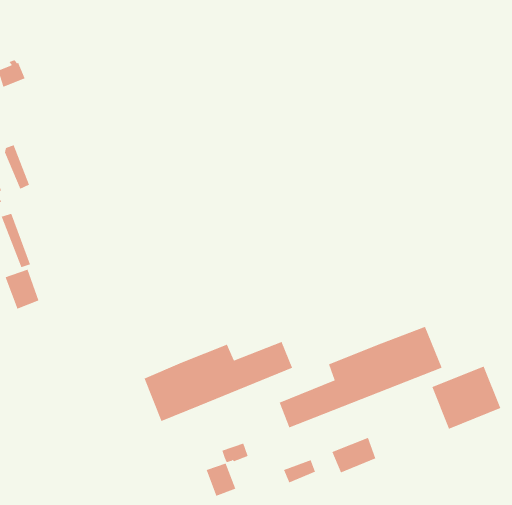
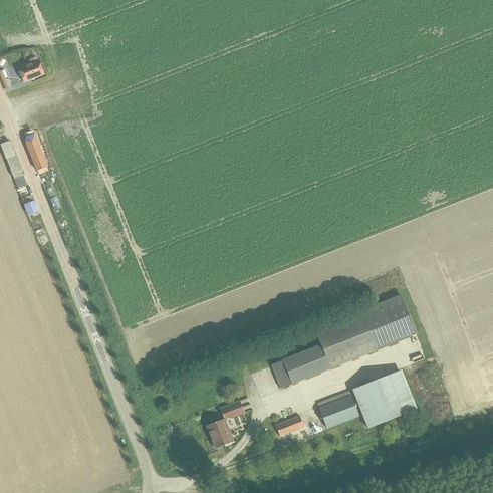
building: [5,269,39,310] -> none
building: [144,341,293,422] -> none
building: [432,366,501,430] -> [352,369,415,427]

